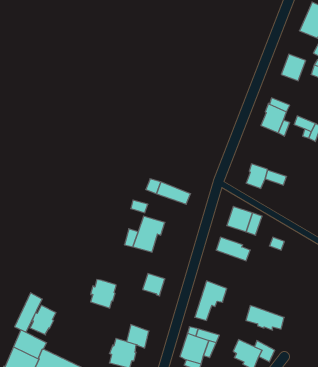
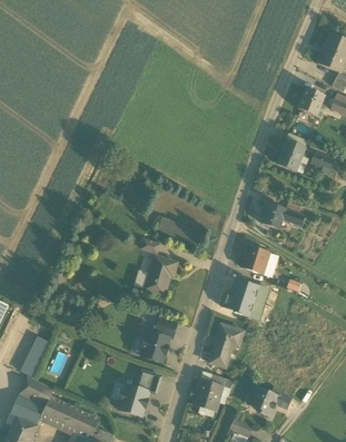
building: [91,280,116,308] -> [141,332,168,362]
building: [30,305,56,335] -> none
building: [246,306,284,330] -> [221,291,261,316]

